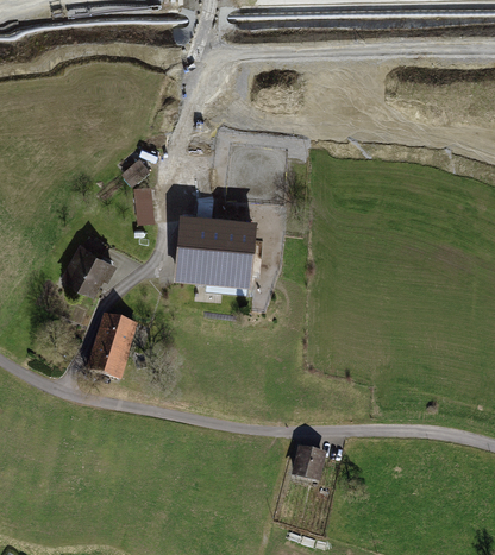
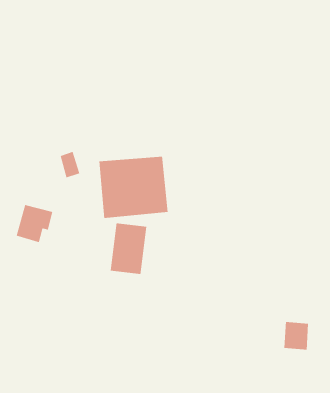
building: [87,317,139,383] -> [110,223,147,275]
building: [290,448,325,486] -> [284,322,309,350]

